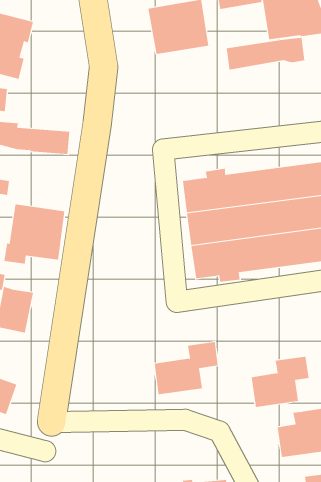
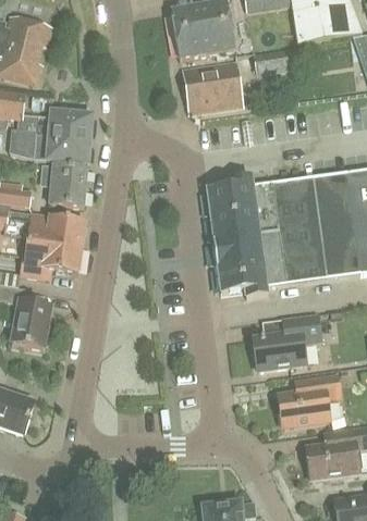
building: none -> [184,61,243,112]
building: none -> [36,112,91,139]
building: none -> [41,164,87,208]
building: [154,341,219,395] -> [254,314,321,370]

